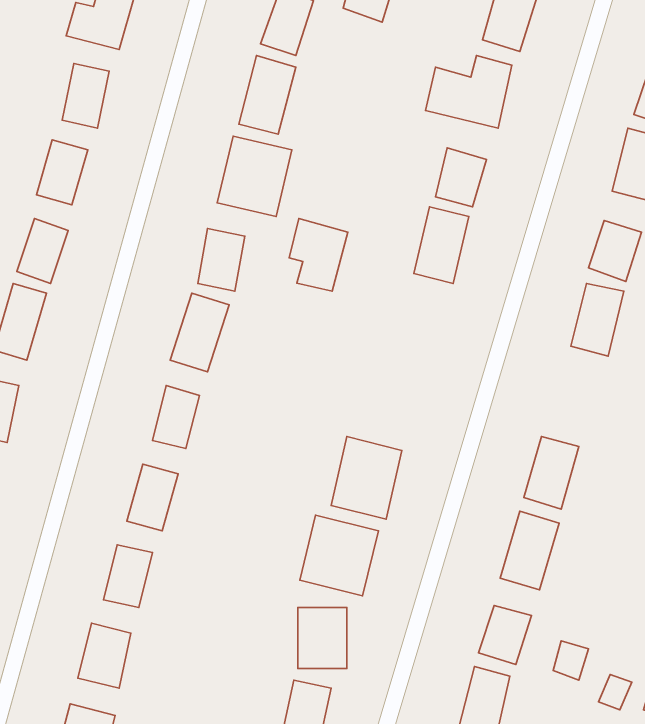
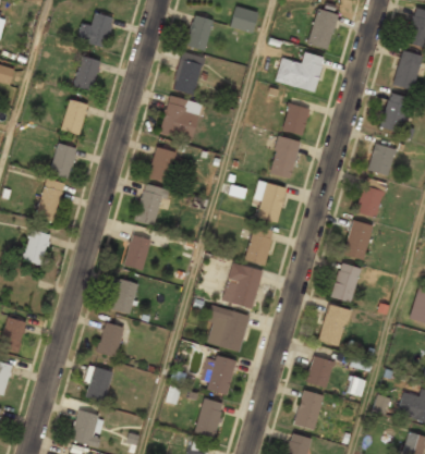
building: [289,218,348,291] -> [254,180,287,220]
building: none -> [343,220,373,259]
building: none -> [245,225,274,265]

